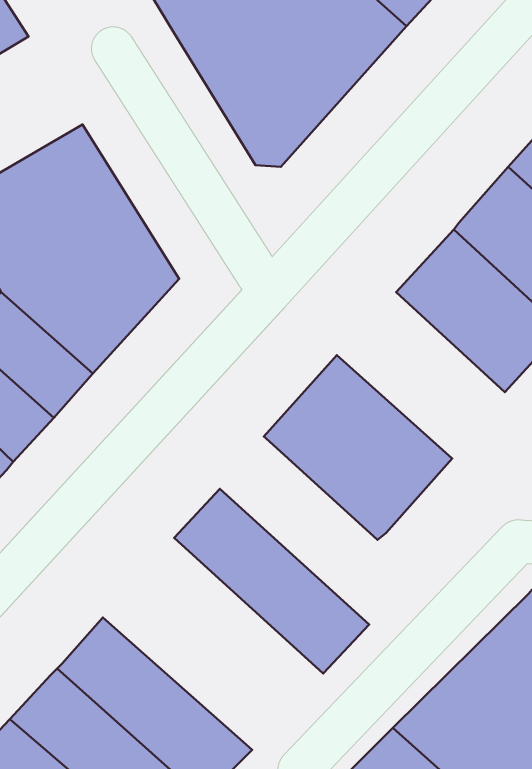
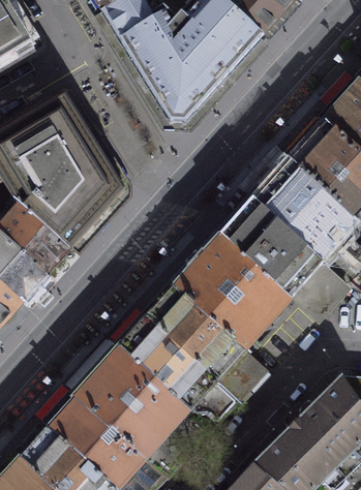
building: none -> [216,197,322,299]
building: none -> [145,286,264,400]
building: none -> [72,346,208,477]

